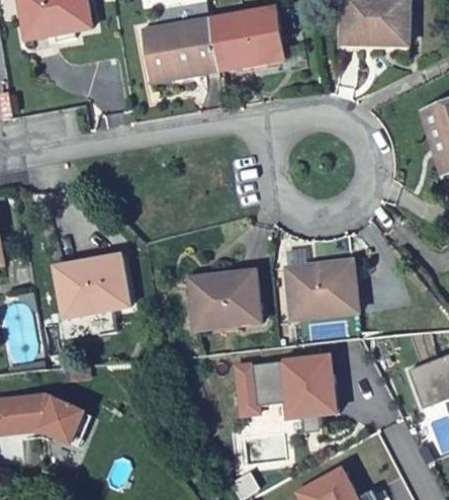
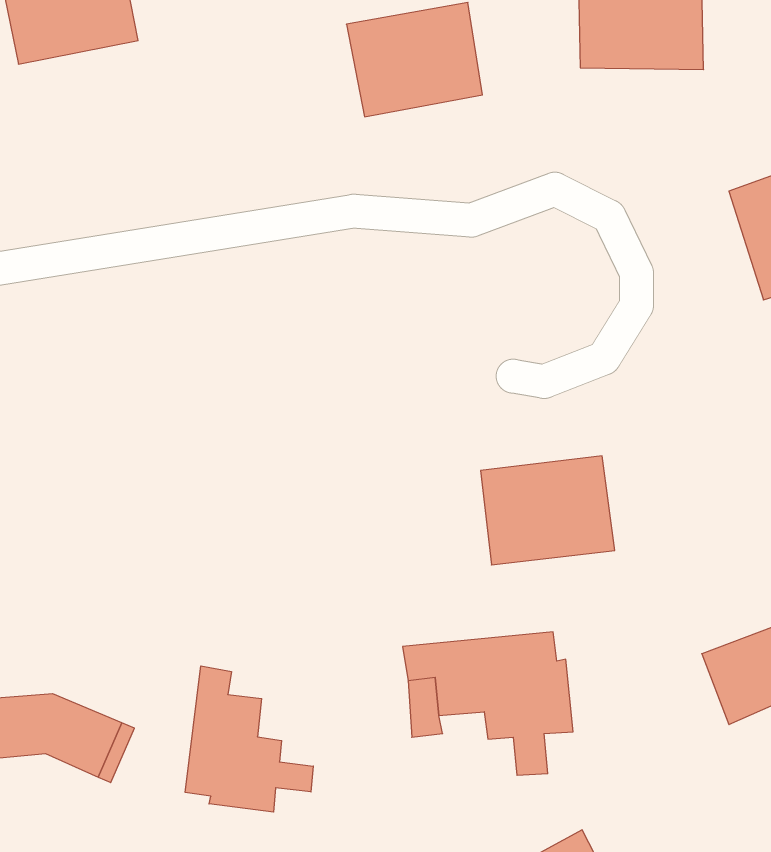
building: [142,18,218,82] -> none
building: [53,254,130,317] -> none
building: [187,270,261,330] -> none
building: none -> [185,666,313,812]

